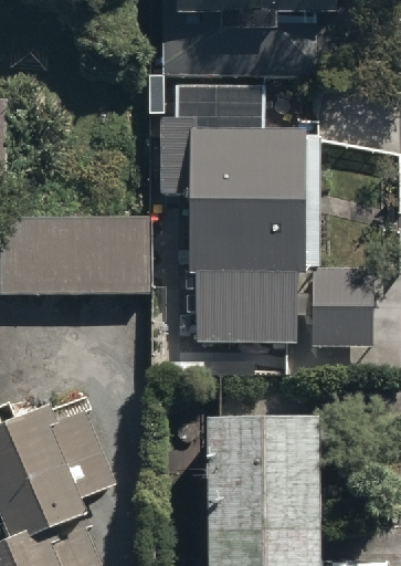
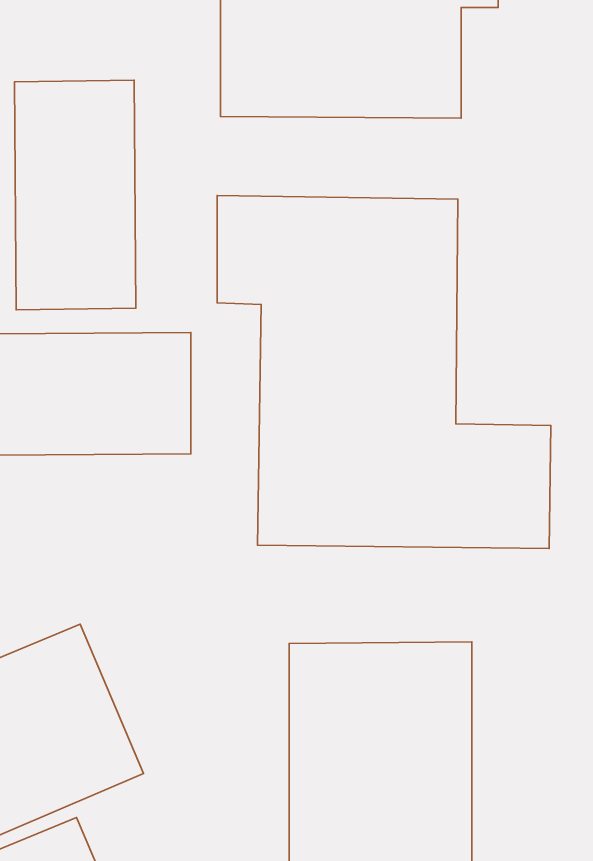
building: none -> [14,80,136,310]

